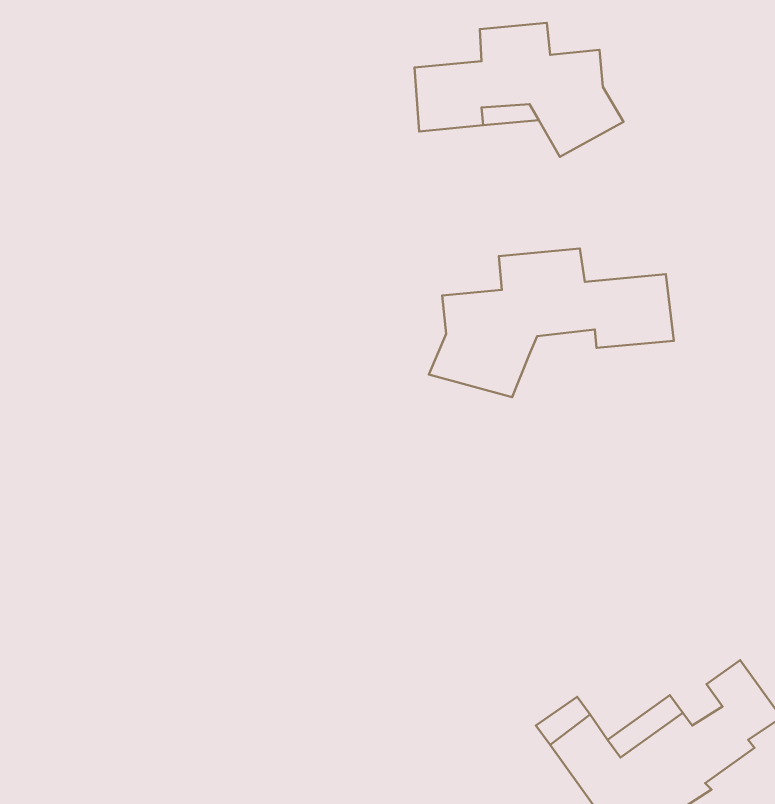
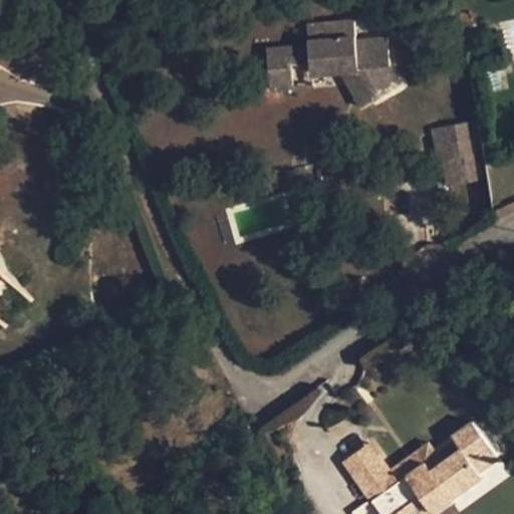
building: none -> [430,119,485,186]
building: [429,249,674,397] -> none

